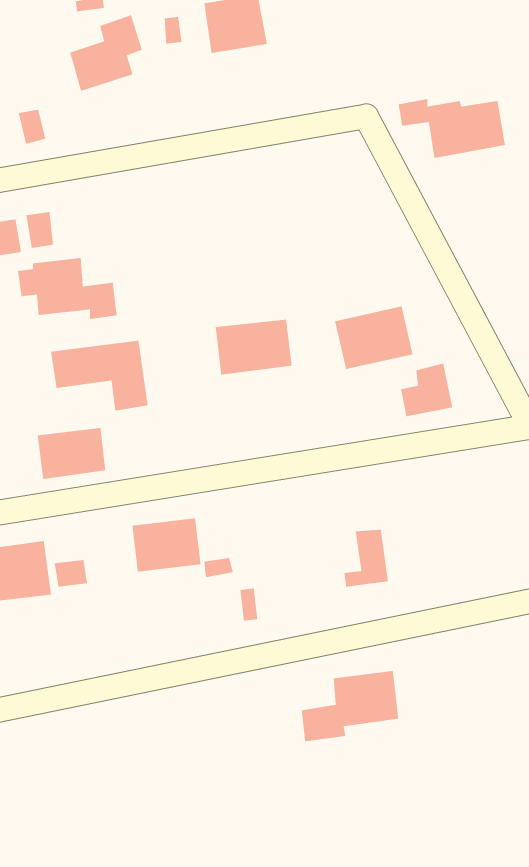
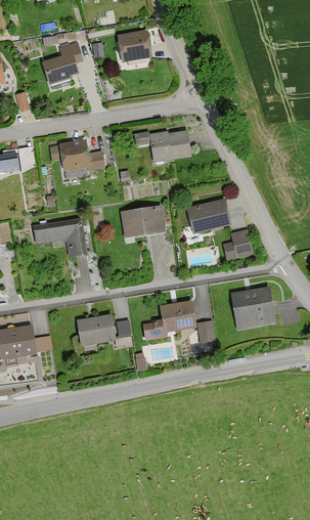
building: [398,98,506,159] -> [133,130,191,163]
building: [17,257,117,320] -> [50,138,104,172]
building: [37,427,106,480] -> none
building: none -> [230,287,274,330]
building: [301,670,399,742] -> [141,300,194,339]

